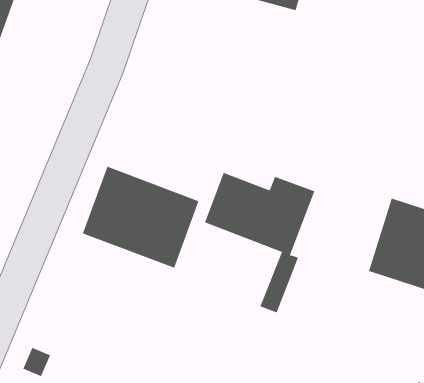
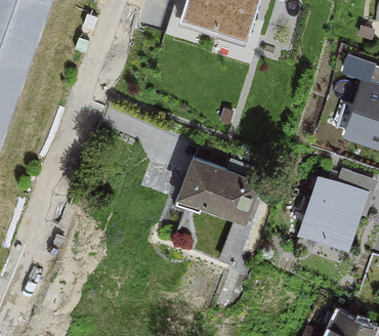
building: [82,166,199,269] -> none

